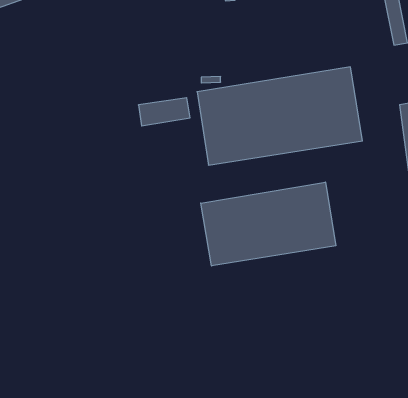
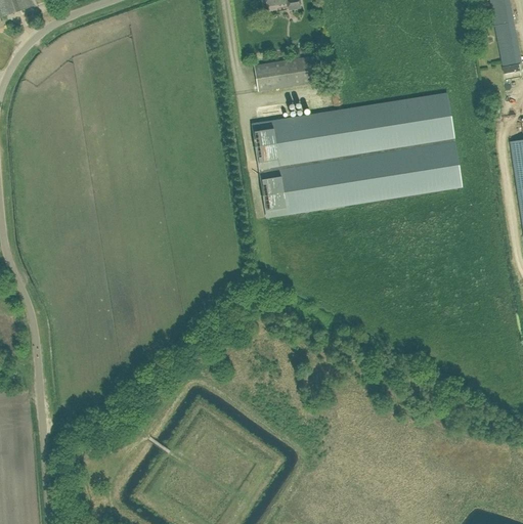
building: [138,98,190,126] -> [255,55,320,91]
building: [201,182,336,266] -> none

